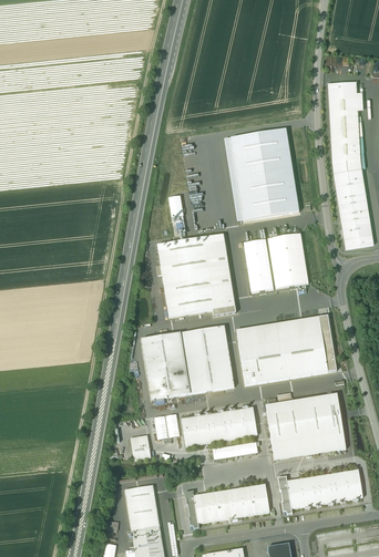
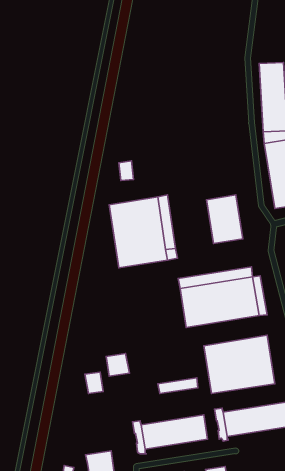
building: [231,130,298,220] -> none
building: [244,239,273,291] -> none
building: [141,326,234,400] -> none
building: [181,406,257,446] -> none
building: [124,485,160,529] -> none

